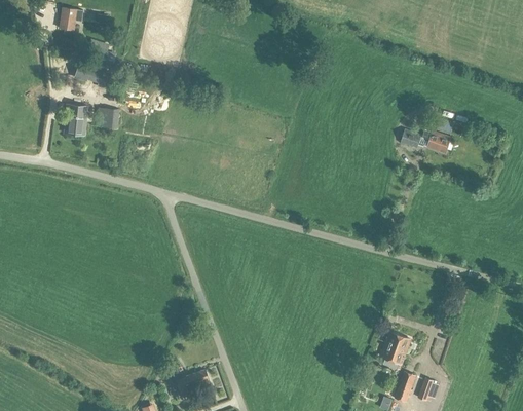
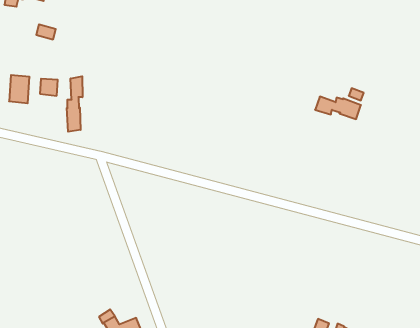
building: none -> [67,76,82,132]
building: [381,332,411,370] -> none

